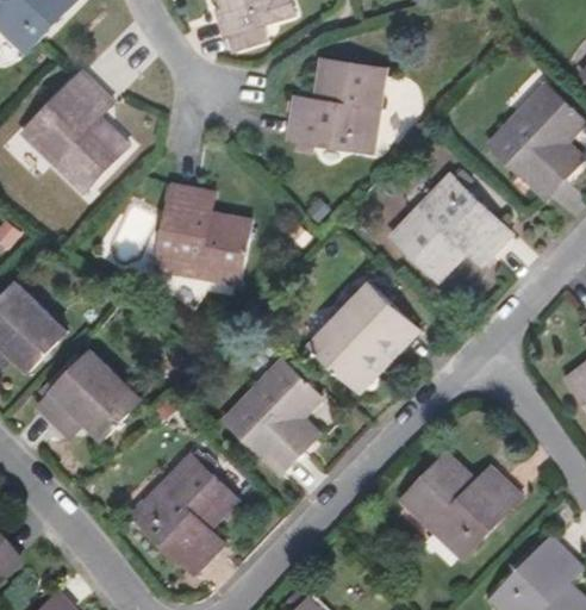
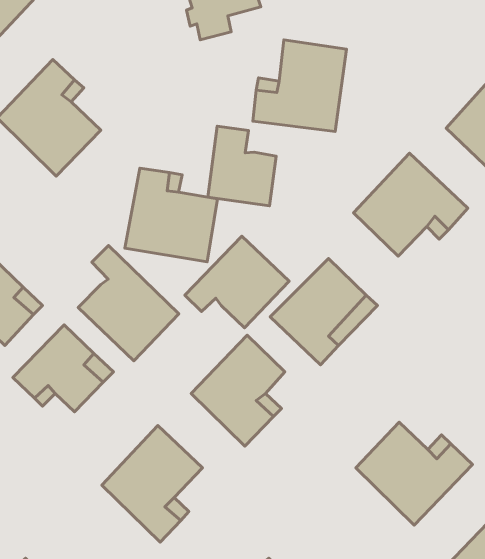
building: none -> [208,126,276,206]
building: none -> [185,236,289,328]
building: none -> [78,246,179,361]

